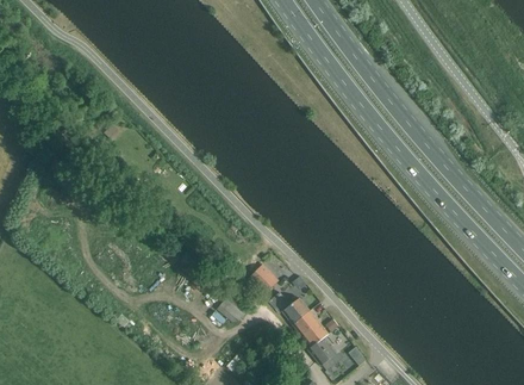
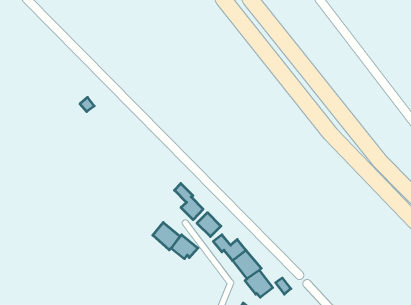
building: none -> [174,183,203,220]
building: none -> [153,222,180,250]

